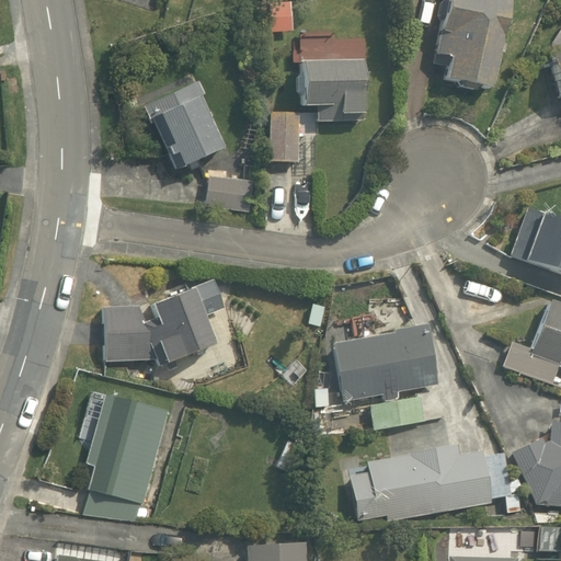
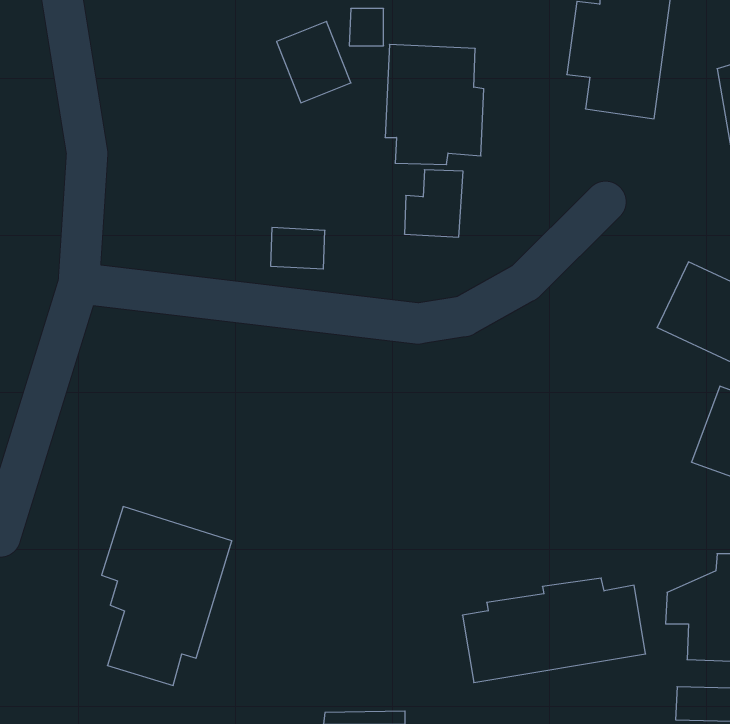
building: [159,98,216,160] -> [277,21,351,103]
building: [257,113,302,164] -> [404,170,463,237]
building: [99,285,216,367] -> none
building: [336,324,439,431] -> none

